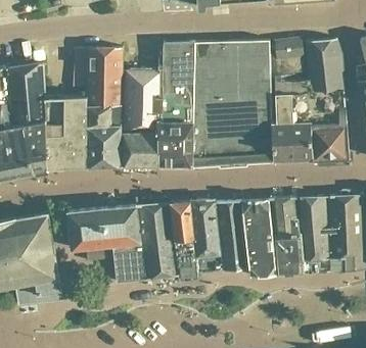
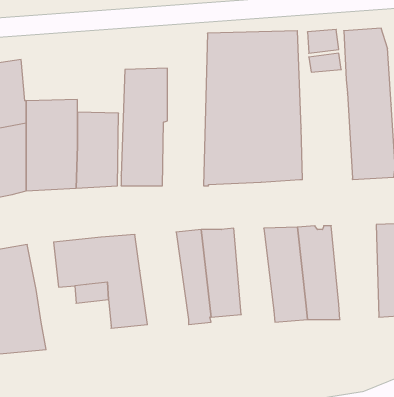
building: [157,43,194,167] -> none
building: [88,48,124,108] -> none
building: [271,81,313,162] -> none
building: [295,199,334,277] -> none
building: [216,202,248,272] -> none
building: [135,205,179,281] -> none

